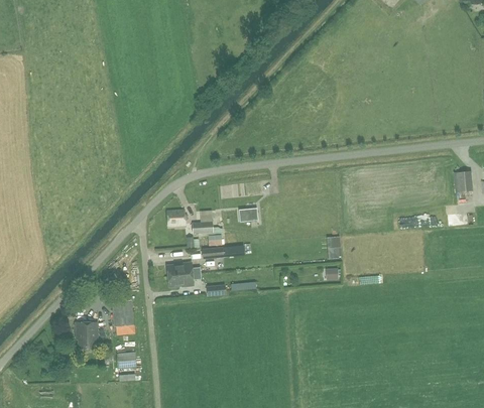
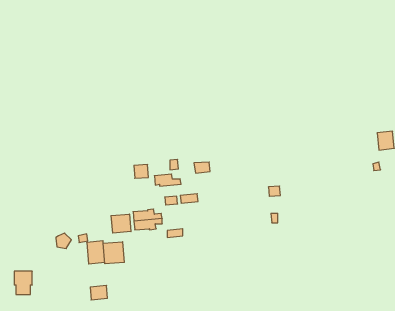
building: none -> [111,214,131,233]
building: none -> [103,242,124,264]
building: [76,323,97,351] -> [14,271,32,294]

